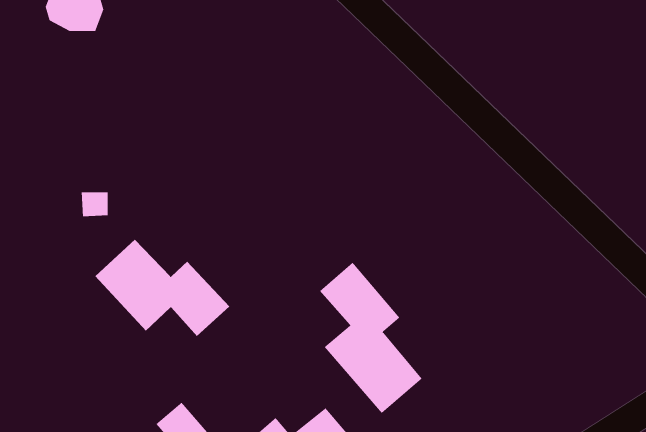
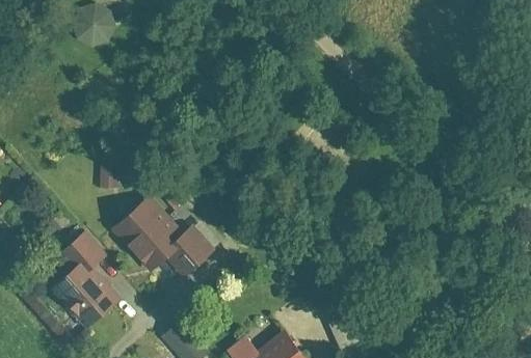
building: [319,262,422,414] -> none
building: none -> [53,231,117,325]

